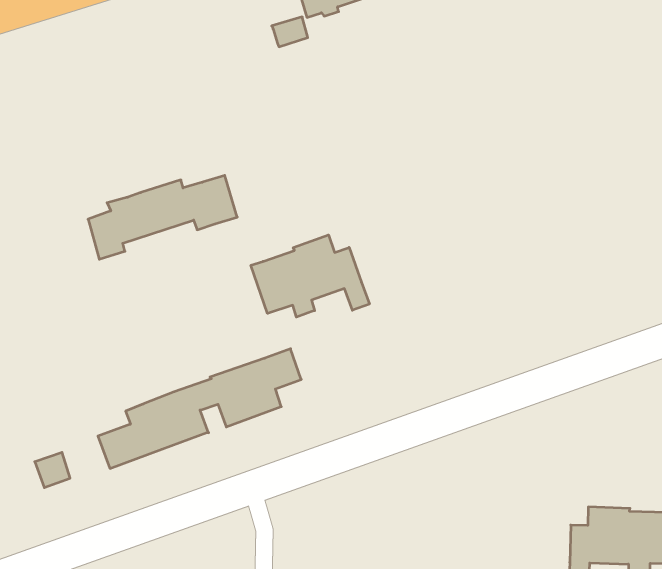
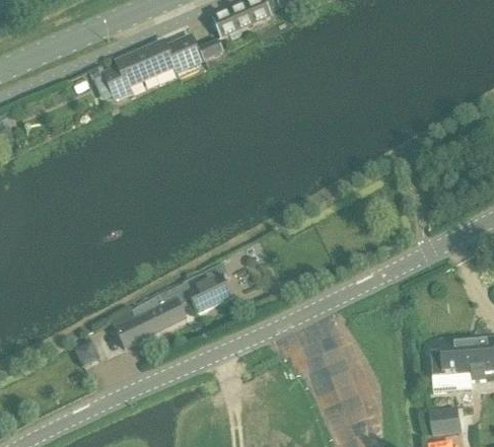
building: [88,175,237,259] -> [104,34,202,98]
building: [251,235,369,317] -> none

